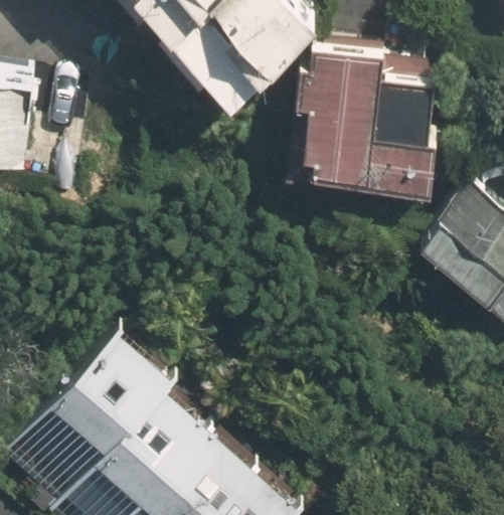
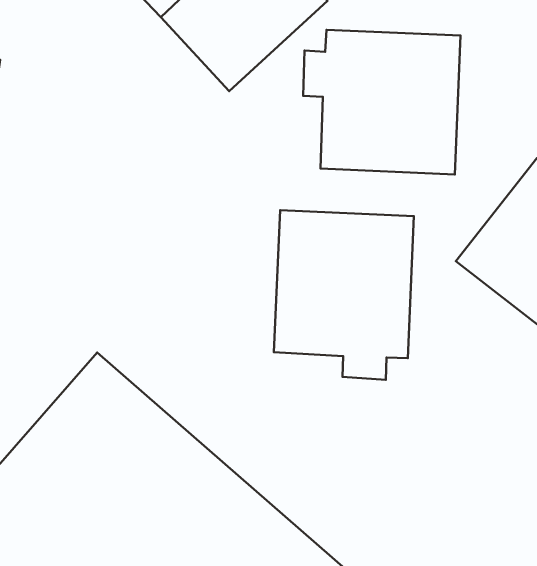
building: none -> [274,210,414,380]

